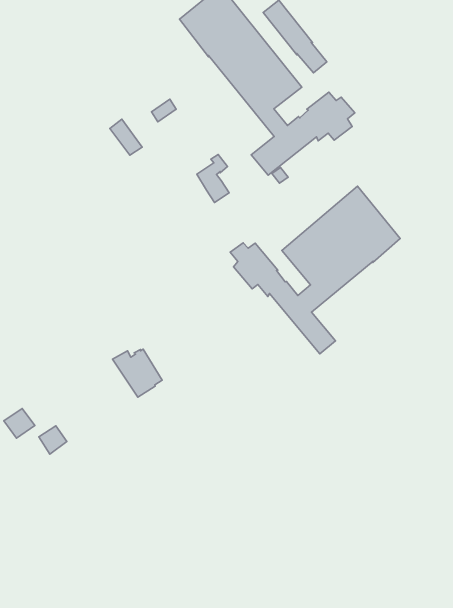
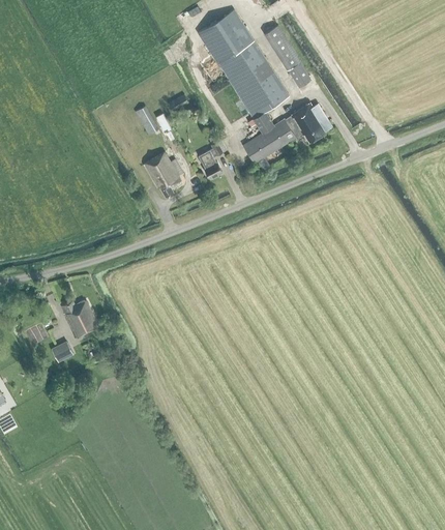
building: none -> [144,152,182,197]
building: [230,186,400,354] -> none
building: [112,349,162,397] -> [61,301,98,338]

